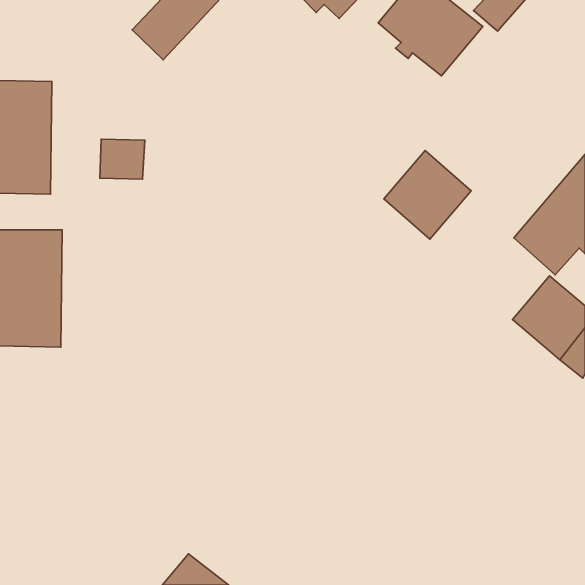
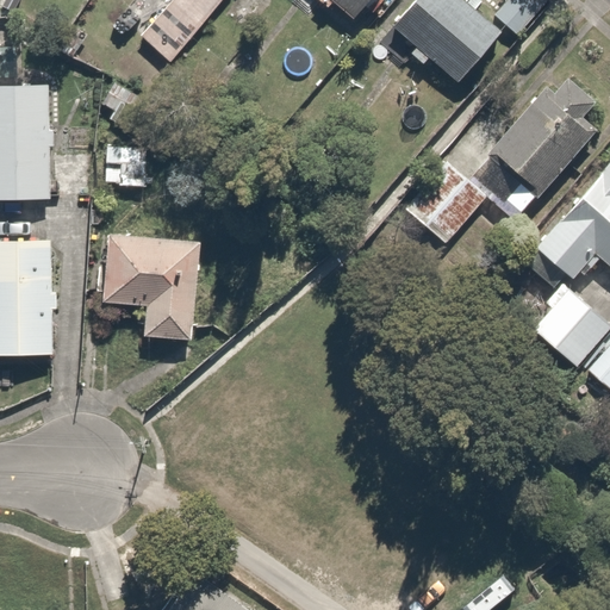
building: none -> [472,92,596,223]
building: none -> [101,231,198,336]

